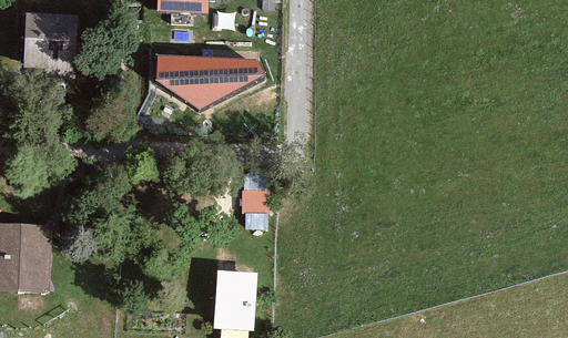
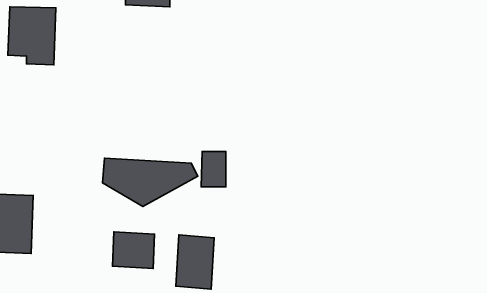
building: [154,54,262,109] -> [103,158,198,207]
building: none -> [113,232,154,268]

